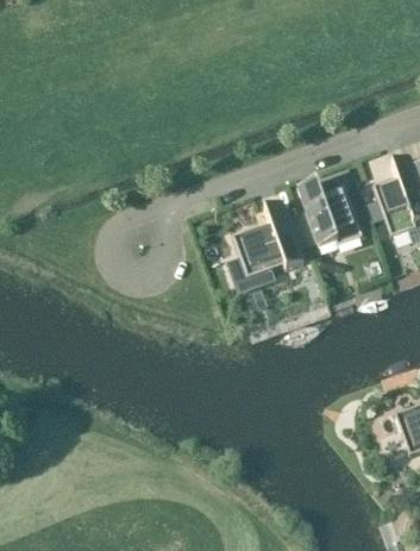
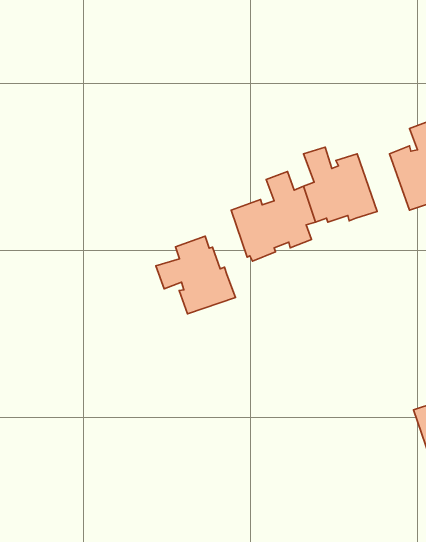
building: none -> [156,236,235,314]

